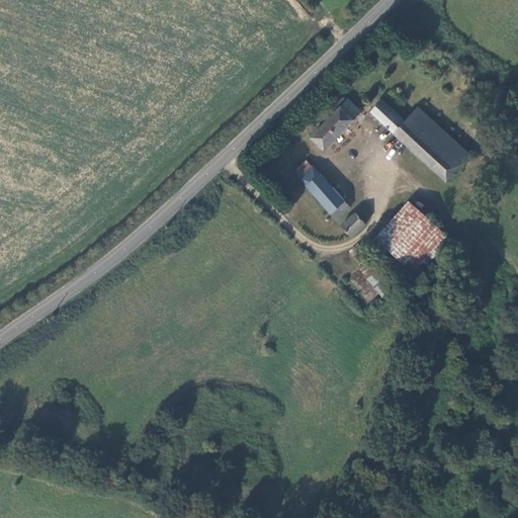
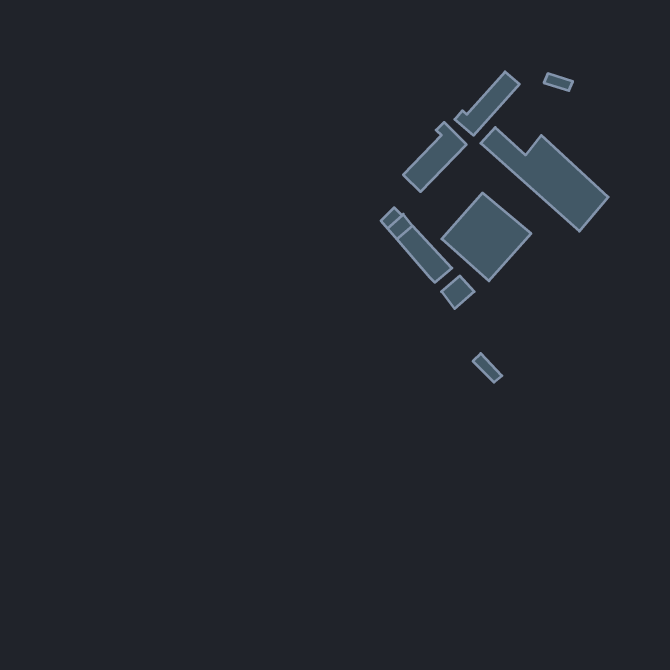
building: none -> [455,72,519,135]
building: [376,203,445,271] -> [442,193,531,281]

